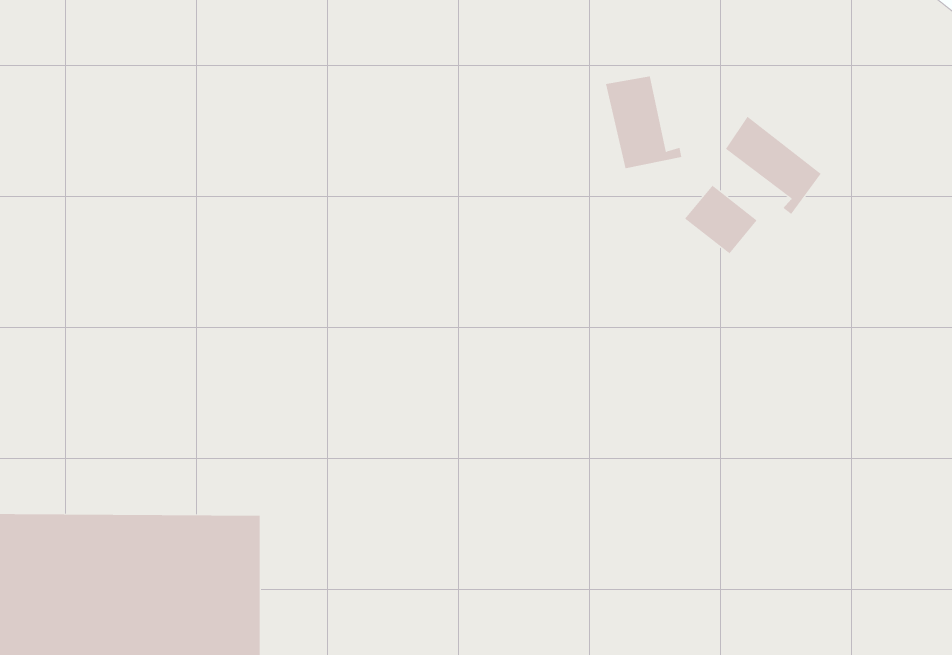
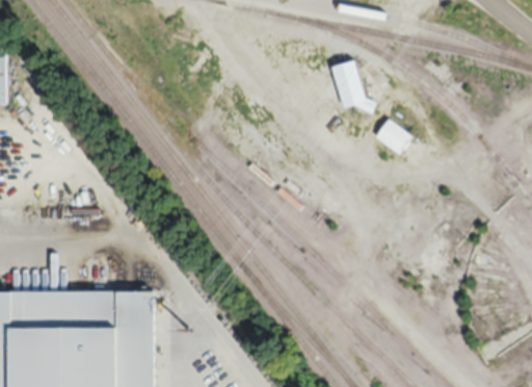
building: [725,116,821,215] -> none

